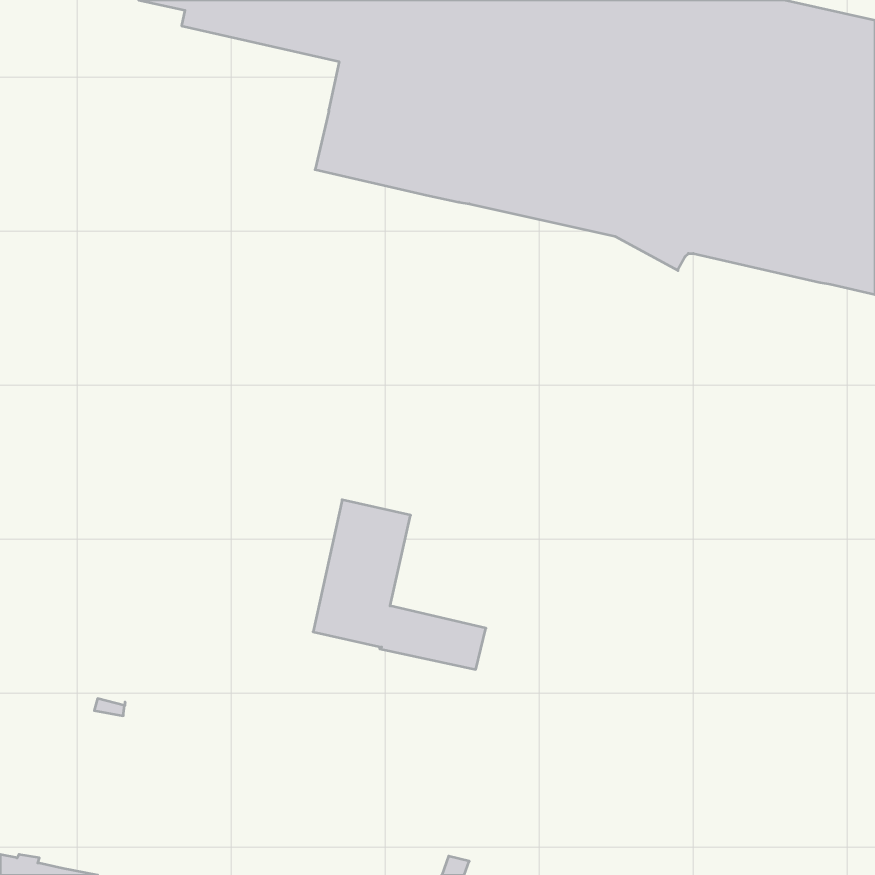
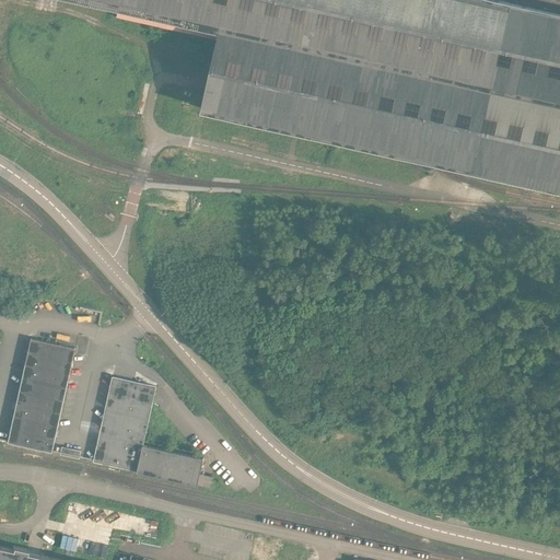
building: [313,500,486,669] -> [93,376,203,485]
building: none -> [8,338,74,451]

